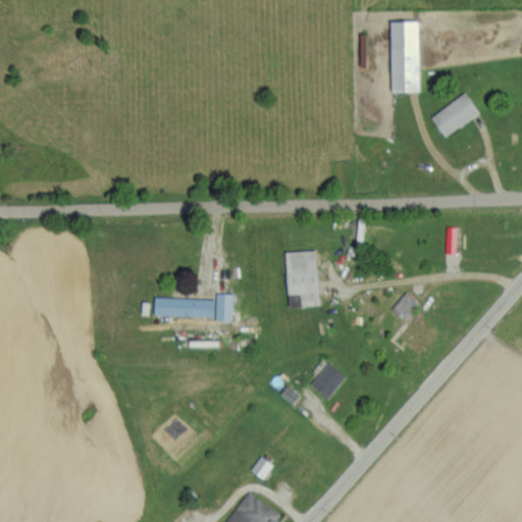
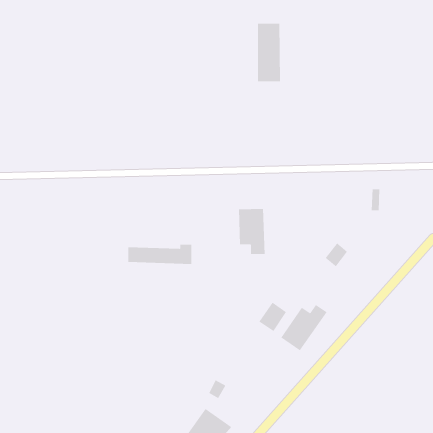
building: [392,22,420,93] -> [257,23,281,82]
building: [430,94,478,138] -> none
building: none -> [281,304,328,351]

